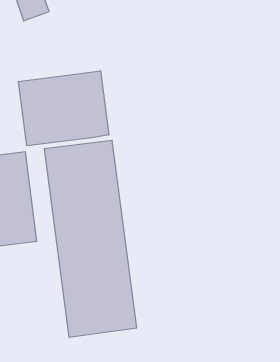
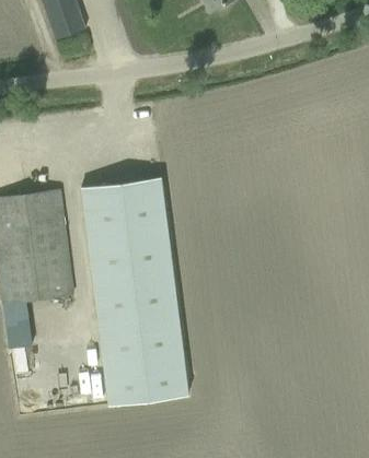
building: [18,71,109,146] -> none

